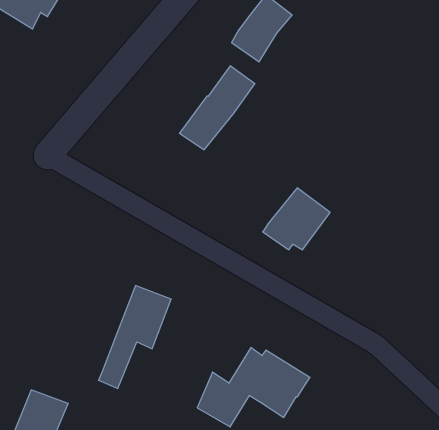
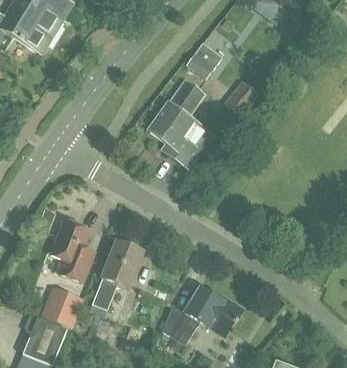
building: none -> [224,79,260,116]
building: [263,188,330,250] -> [163,116,212,161]
building: none -> [52,219,91,280]
building: none -> [42,287,83,328]

